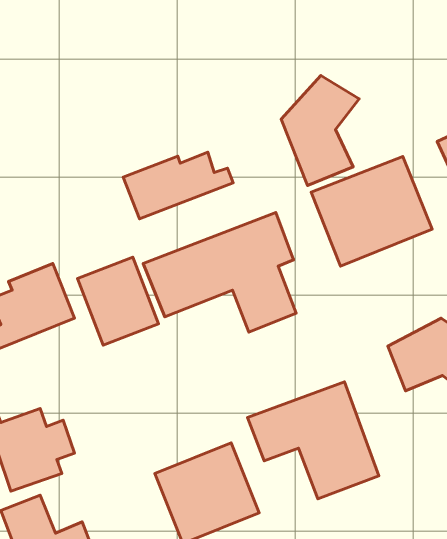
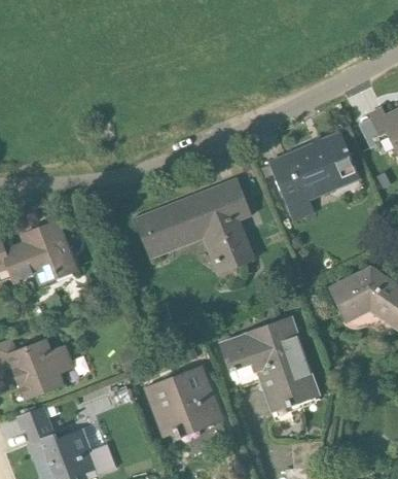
building: [281,76,359,186] -> none
building: [123,152,233,219] -> none
building: [77,257,158,345] -> none

